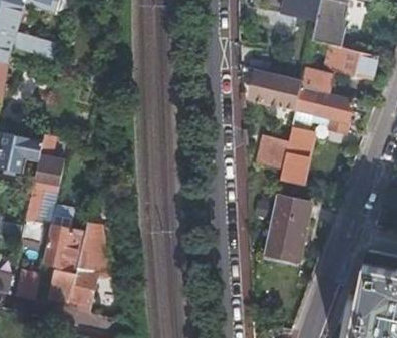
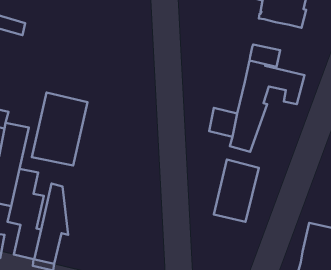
building: [315,41,376,76] -> none
building: [251,71,302,108] -> none
building: none -> [32,93,87,166]

